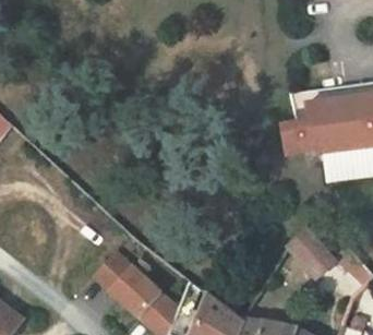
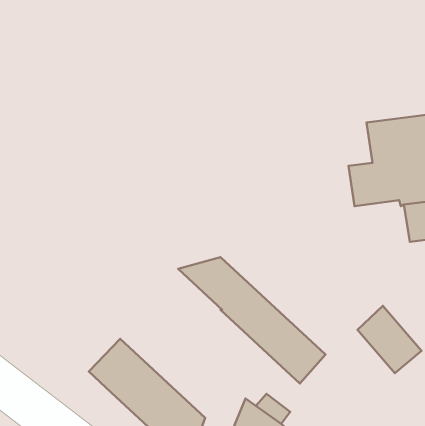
building: none -> [178,257,326,383]

